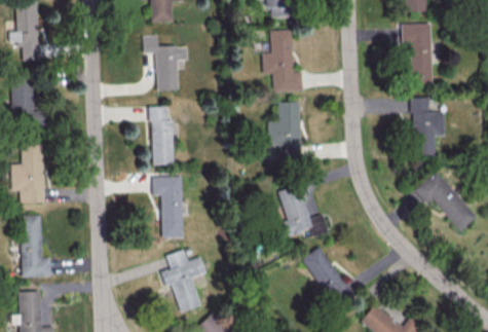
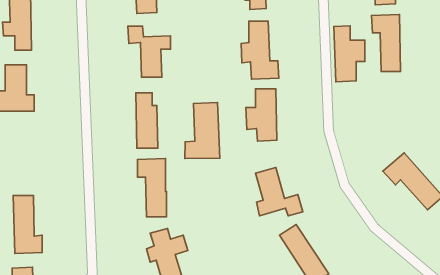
building: [412,97,445,156] -> [334,26,365,82]
building: none -> [185,103,220,159]
building: [11,144,45,202] -> none

